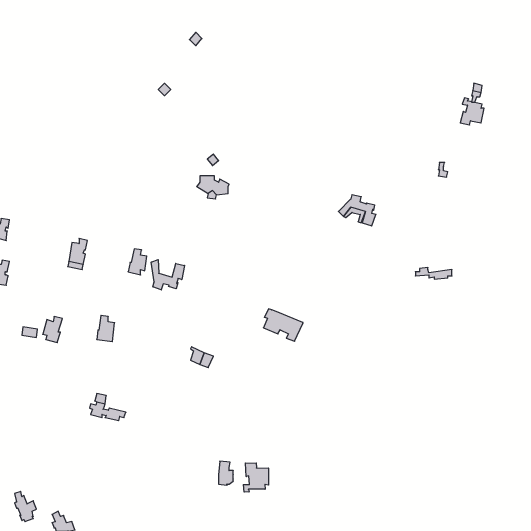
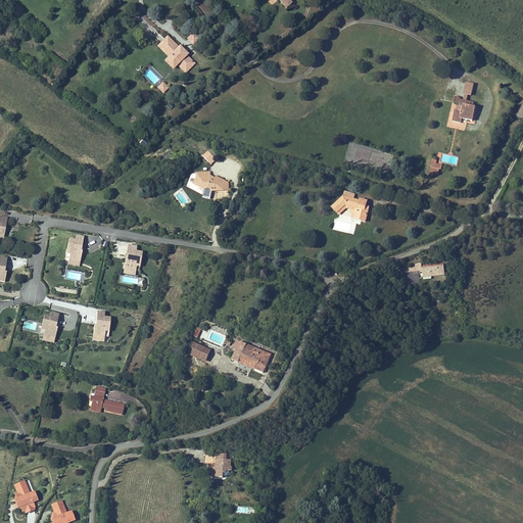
building: none -> [157,35,192,66]
building: [151,260,185,290] -> none
building: [263,309,303,341] -> [231,340,270,372]
building: [243,463,268,492] -> none

